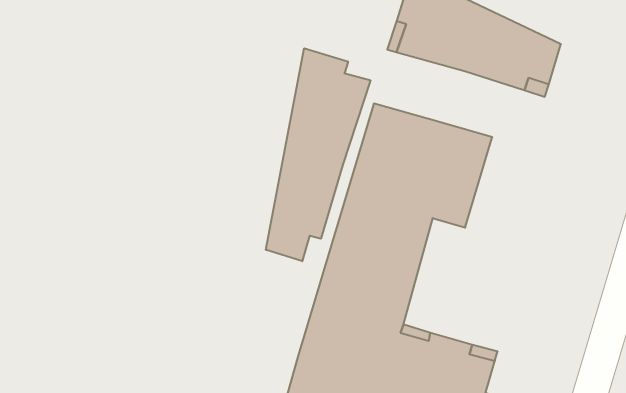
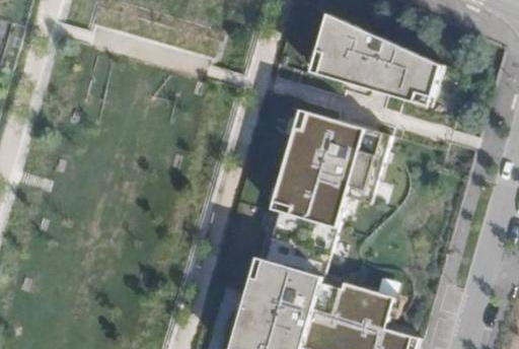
building: [266,48,370,261] -> none

